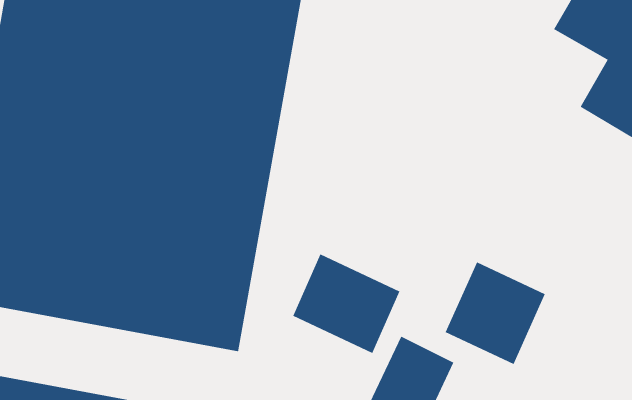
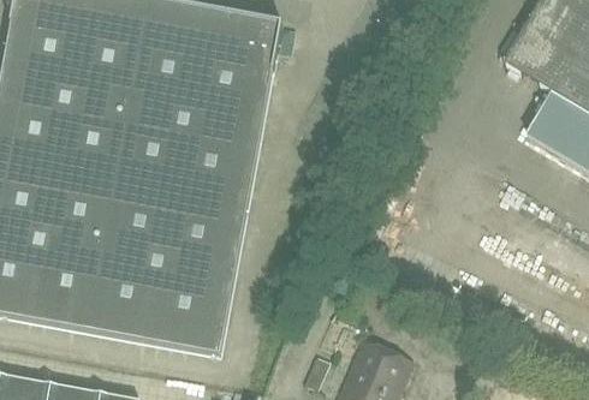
building: [293,253,400,354] -> none
building: [445,261,546,365] -> none

